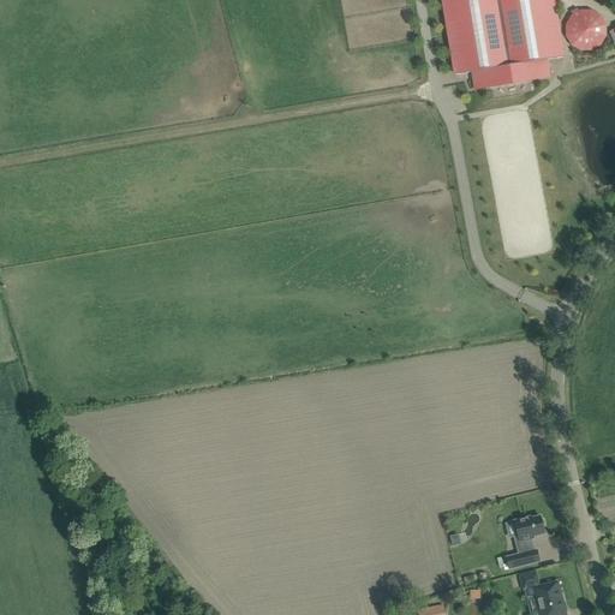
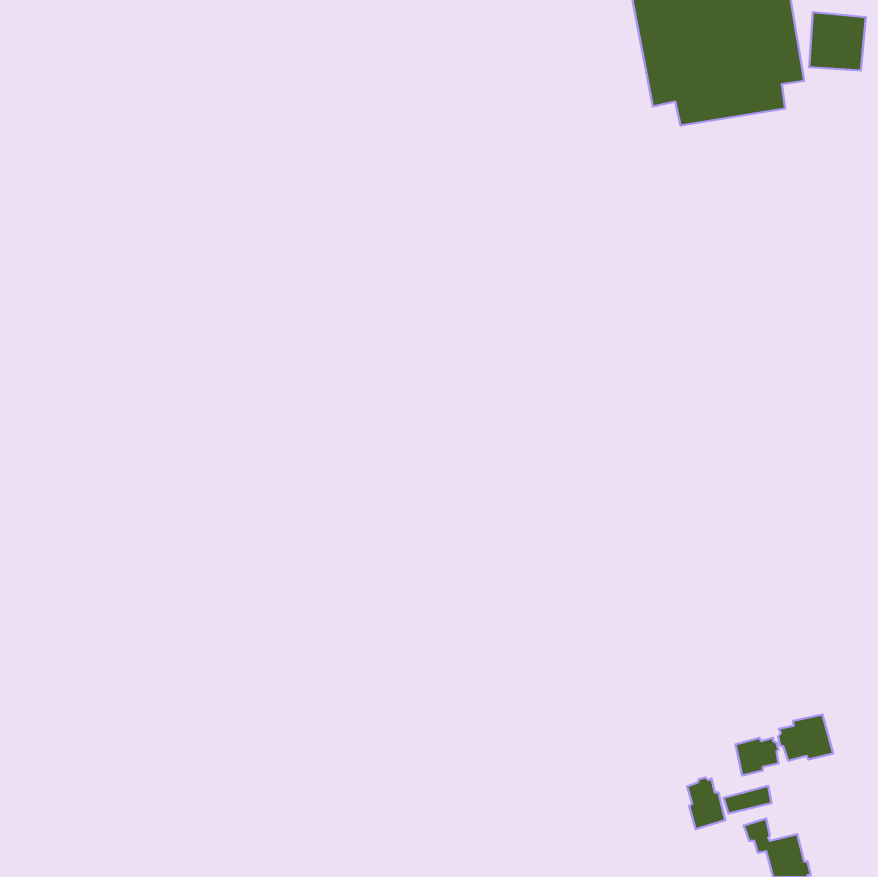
building: none -> [778,715,833,761]
building: none -> [687,778,725,829]

